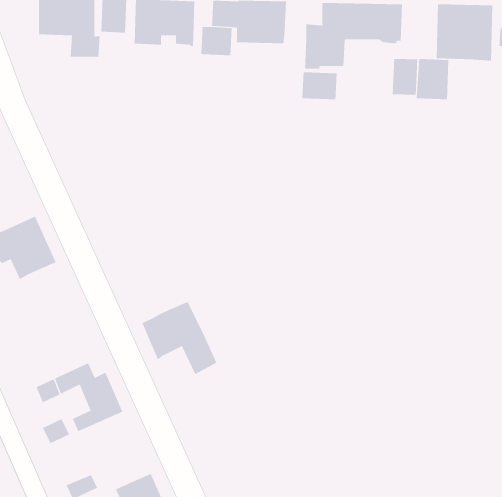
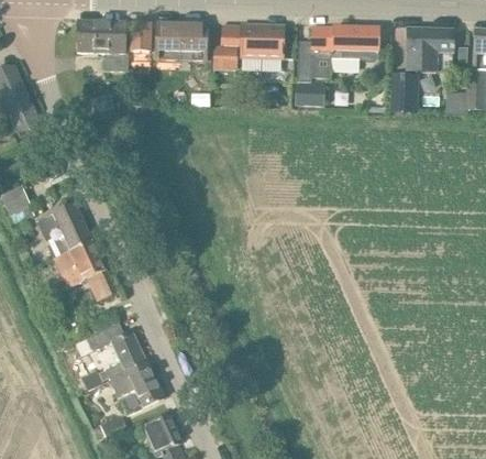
building: [392,58,418,96] -> none
building: [141,301,217,375] -> [54,240,117,300]
building: none -> [109,363,163,413]

